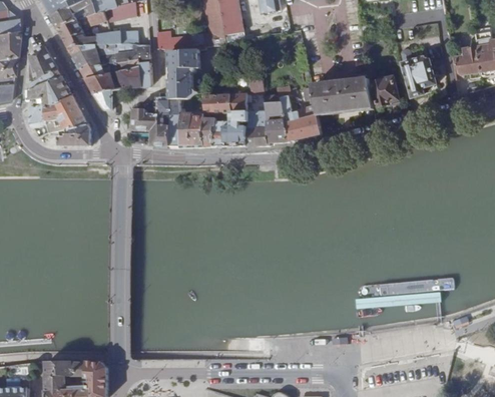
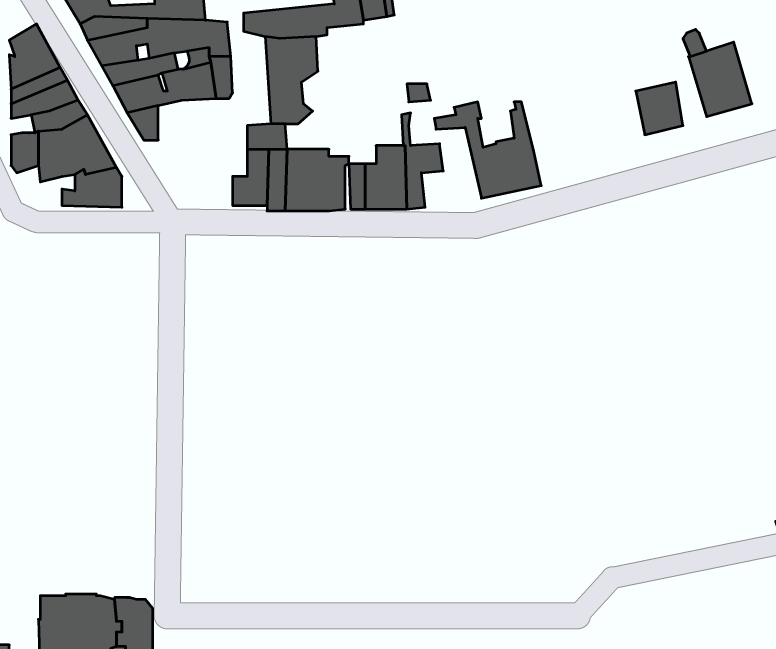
building: [311,75,373,115] -> none
building: [204,94,245,113] -> none
building: [256,101,289,145] -> none
building: [133,108,159,128] -> none

